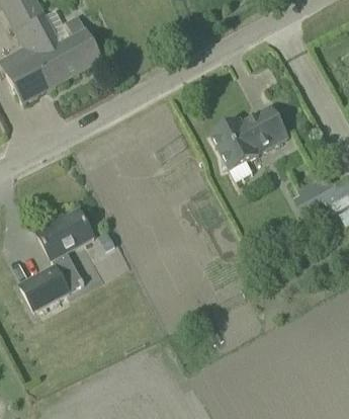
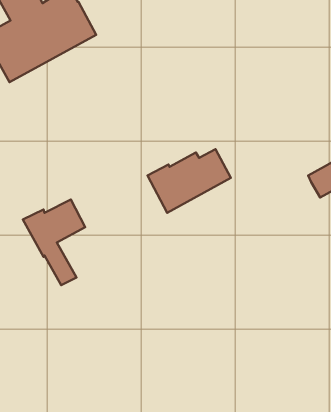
building: [211,109,288,168] -> [147,149,231,213]
building: [19,262,72,311] -> none

